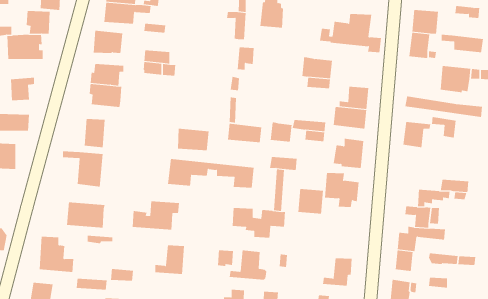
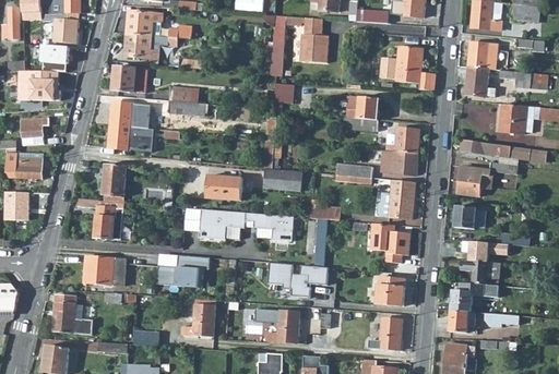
building: [270,122,292,143] -> none
building: none -> [453,205,485,229]
building: [297,189,324,214] -> [374,277,404,305]

